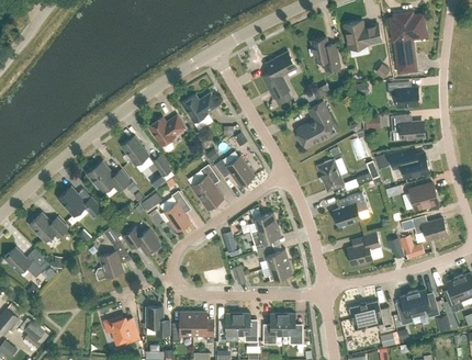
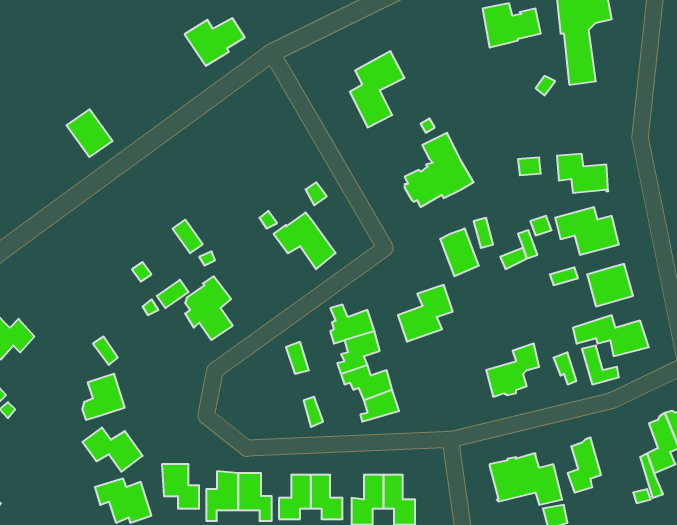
building: [311,37,340,71] -> none
building: [387,82,419,110] -> none
building: [181,93,218,123] -> [185,18,245,66]
building: [149,116,184,151] -> none
building: [121,136,149,166] -> [66,109,113,157]
building: [87,161,130,193] -> none
building: [191,165,224,210] -> none
building: [58,187,102,217] -> none
building: [334,192,368,227] -> [398,285,453,342]
building: [123,227,160,255] -> [82,427,143,472]
building: [412,289,439,318] -> none

